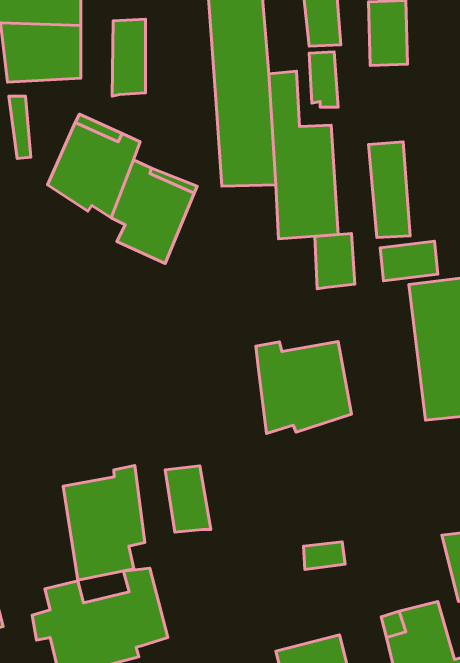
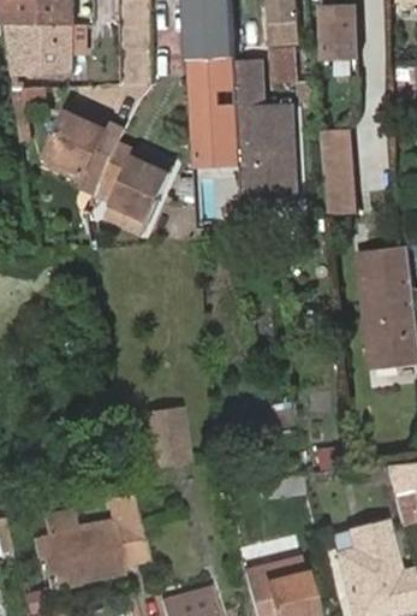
building: [112,19,145,96] -> none
building: [315,233,355,289] -> none
building: [380,241,438,281] -> none
building: [256,342,351,434] -> none
building: [63,465,145,580] -> none

